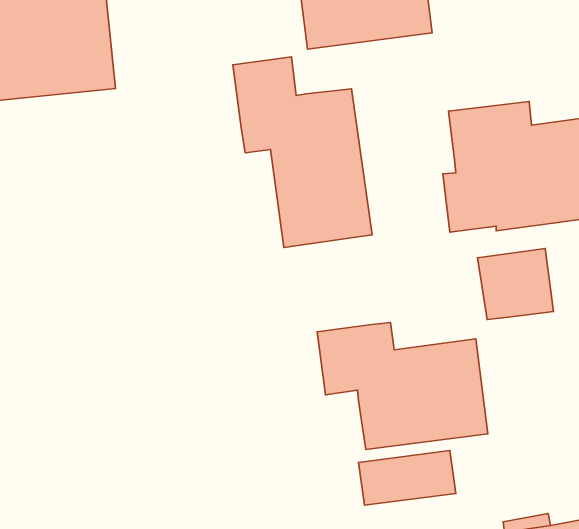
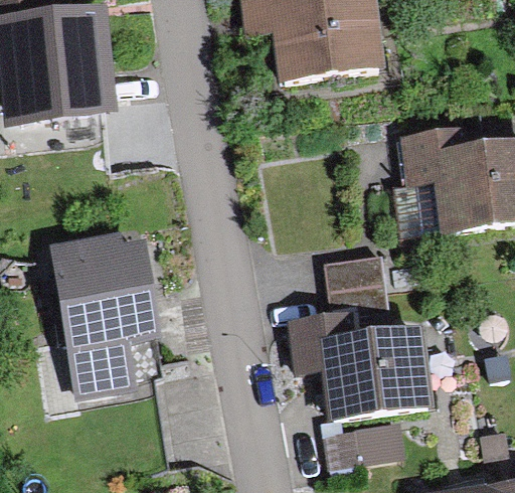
building: [233,57,372,247] -> none
building: none -> [50,232,163,397]
building: [478,248,553,320] -> [324,254,388,314]

